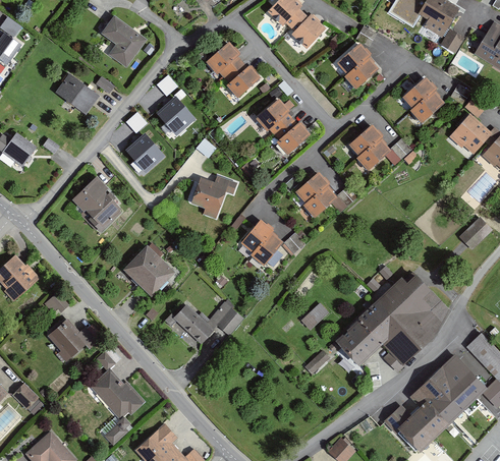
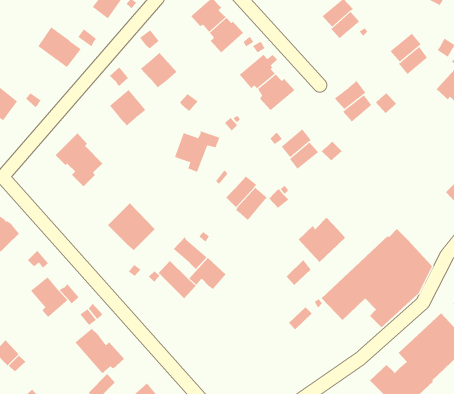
building: none -> [298,217,346,263]
building: none -> [173,237,208,270]

